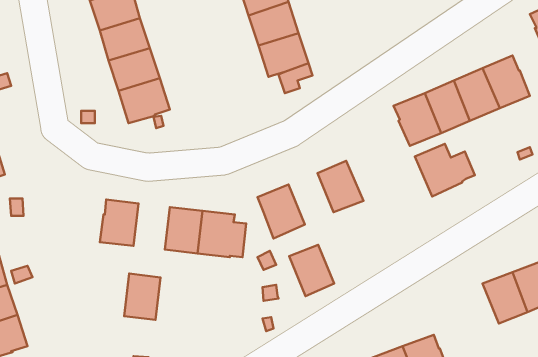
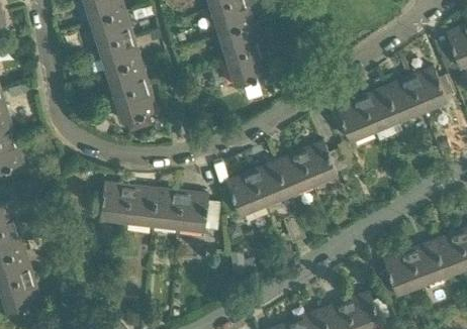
building: [415,144,475,196] -> [297,143,346,186]
building: [289,245,334,296] -> [251,163,287,205]
building: [124,274,160,320] -> [125,188,155,225]
building: none -> [375,252,421,299]

